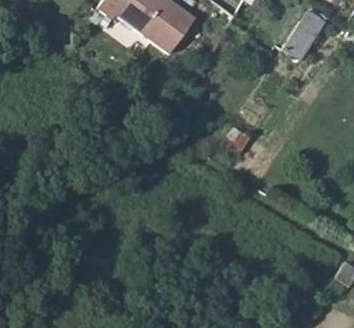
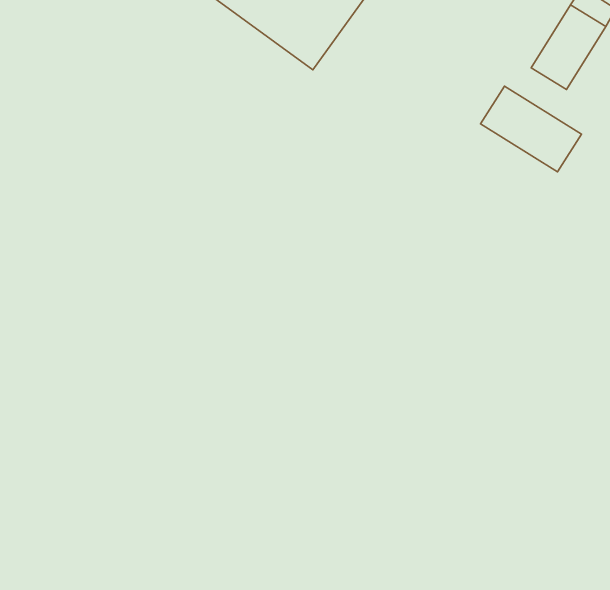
building: none -> [480,86,581,172]

